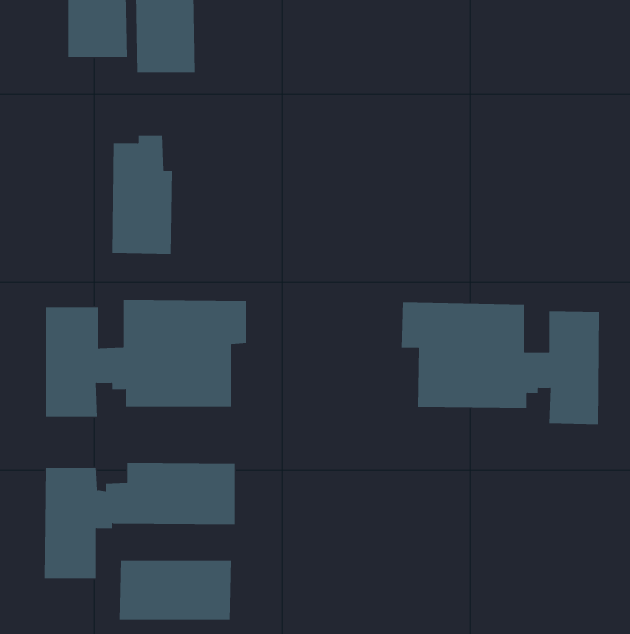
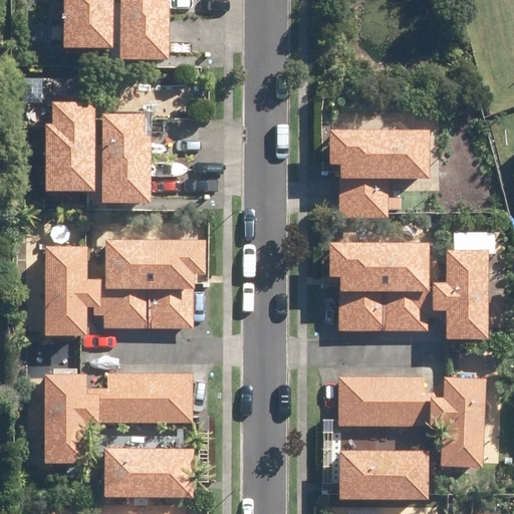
building: none -> [42,100,91,191]
building: none -> [329,130,429,214]
building: none -> [342,373,485,466]
building: none -> [339,450,429,499]

